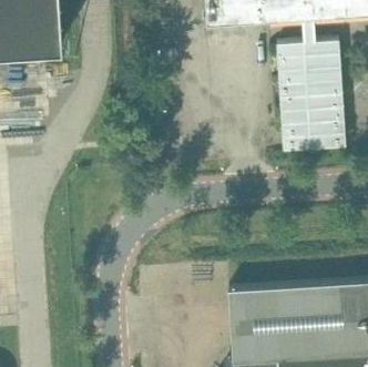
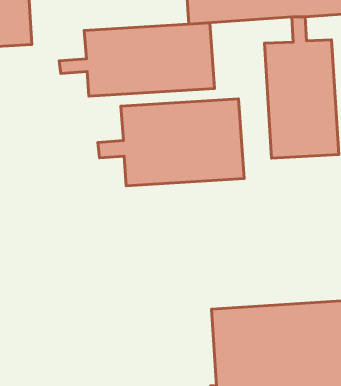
building: none -> [59,23,215,96]
building: none -> [98,99,244,186]

